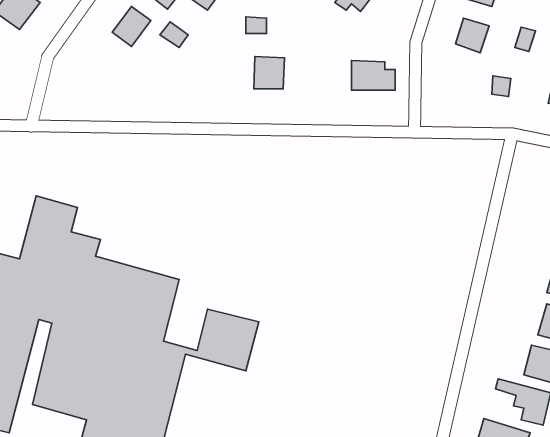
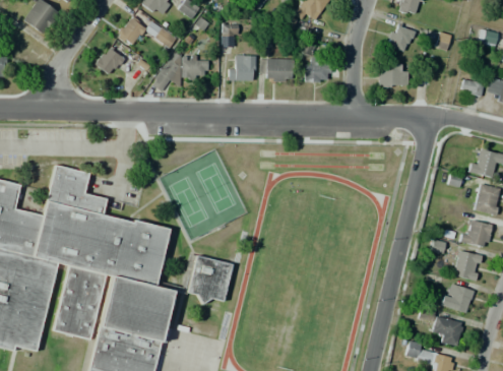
building: none -> [96,46,125,76]
building: none -> [151,52,211,91]
building: none -> [266,58,294,81]
building: none -> [379,63,410,87]

